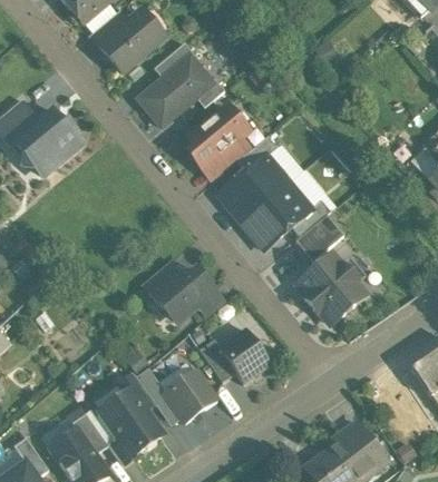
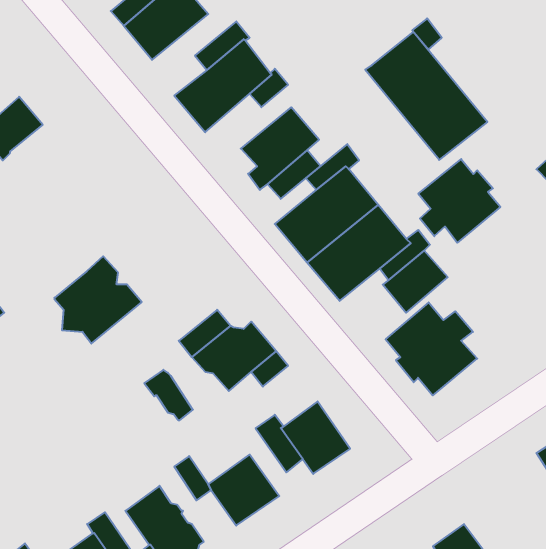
building: none -> [365,32,487,160]
building: [14,108,80,174] -> [54,256,142,344]
building: none -> [418,159,500,243]
building: [118,372,155,410] -> [144,370,193,420]

